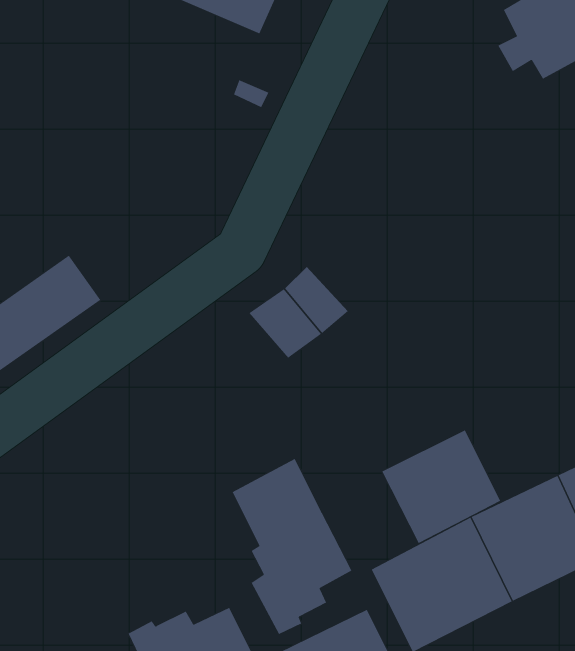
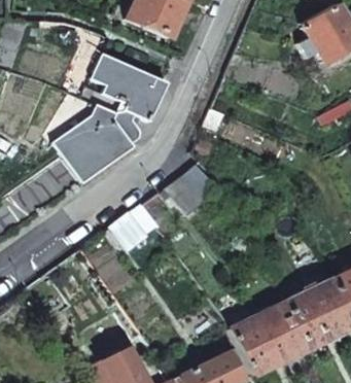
building: none -> [54,53,168,182]
building: none -> [110,204,159,250]
building: [382,429,501,544] -> none
building: [232,458,352,635] -> none

